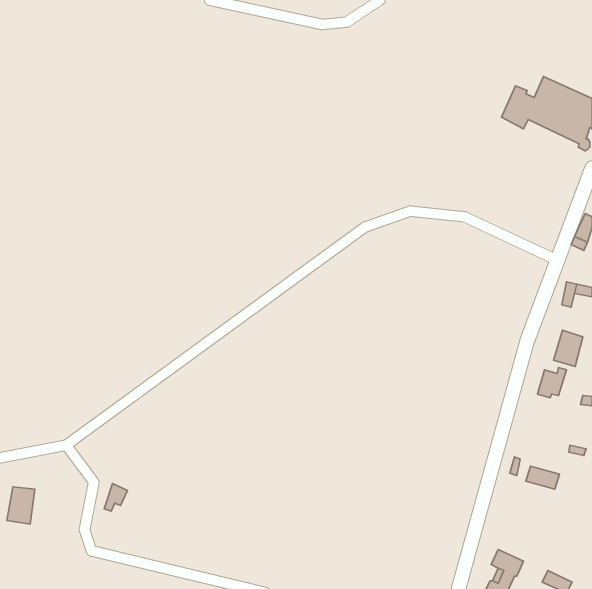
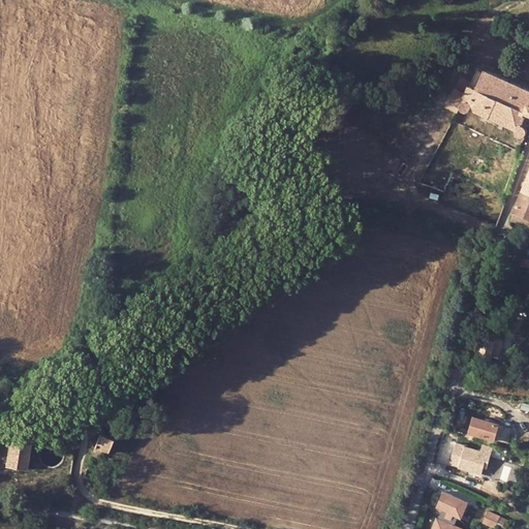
building: [554,330,583,366] -> none
building: none -> [460,445,493,474]

